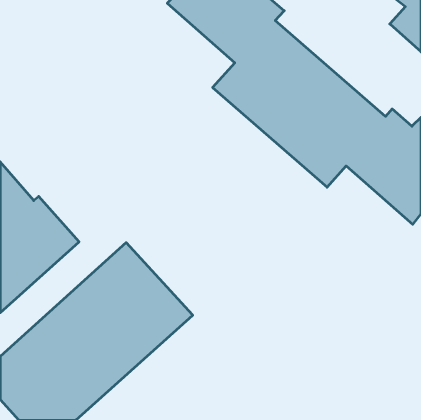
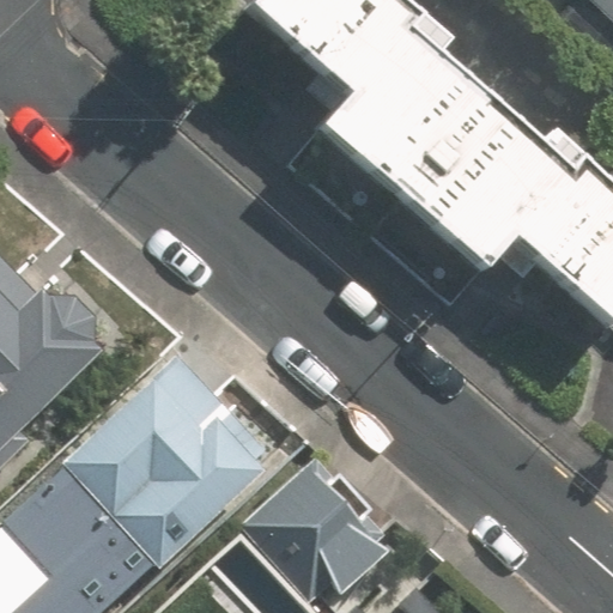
building: none -> [237,450,393,602]

